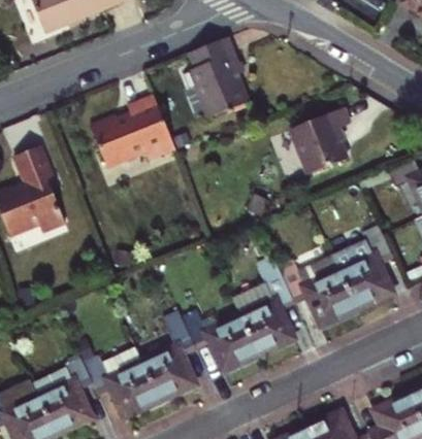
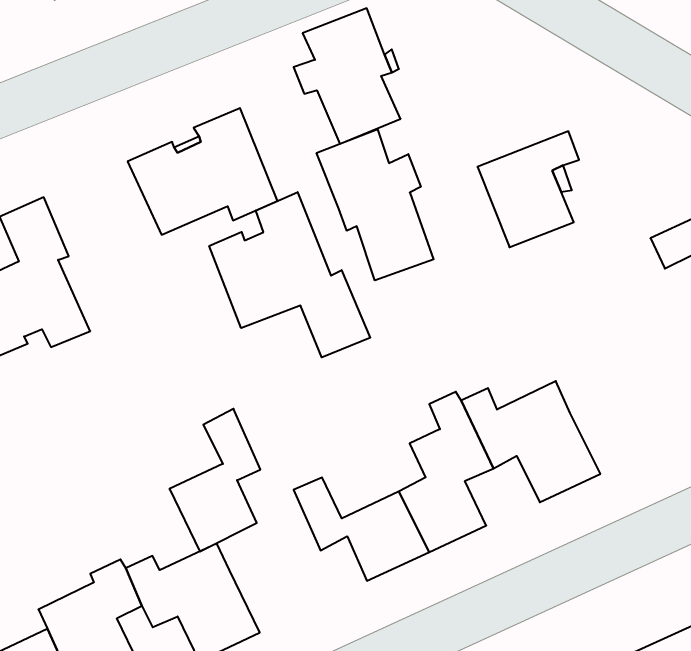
building: none -> [317,129,434,280]
building: none -> [209,192,370,357]
building: [344,224,397,306] -> none
building: [147,315,199,398] -> [169,409,260,551]

